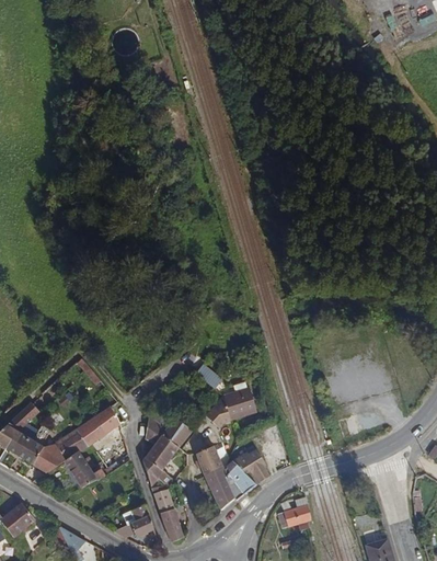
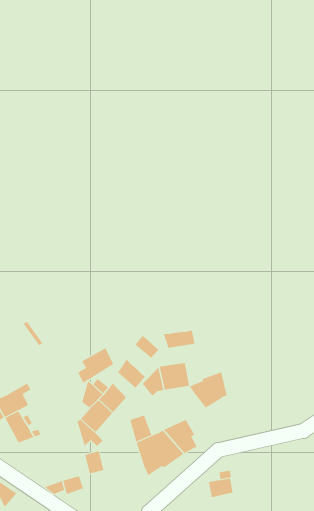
building: none -> [163,330,195,349]
building: none -> [117,359,145,389]
building: none -> [189,371,227,409]
building: [83,408,120,447] -> [77,347,114,383]
building: [159,508,184,542] -> none

